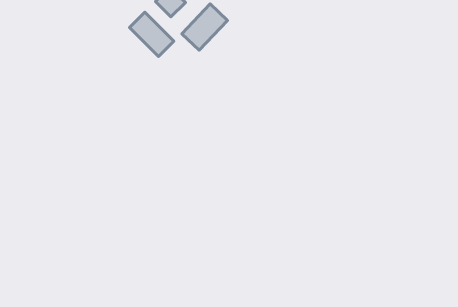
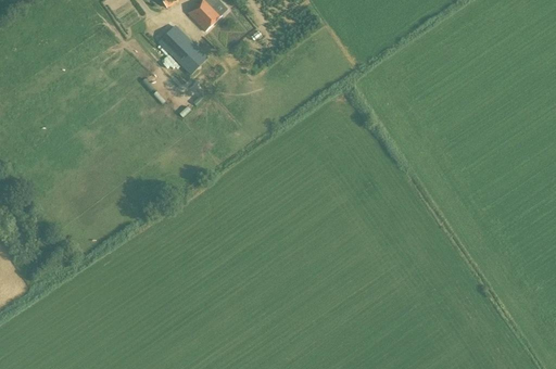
building: [182,4,228,50] -> none

